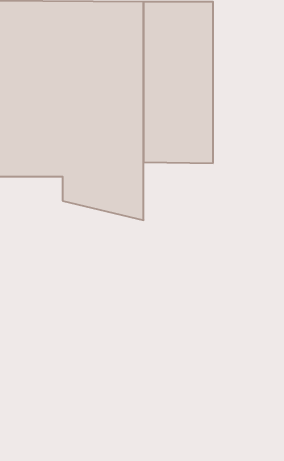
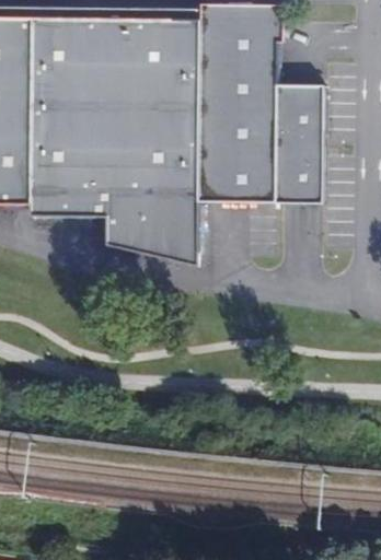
building: none -> [275,79,322,197]

